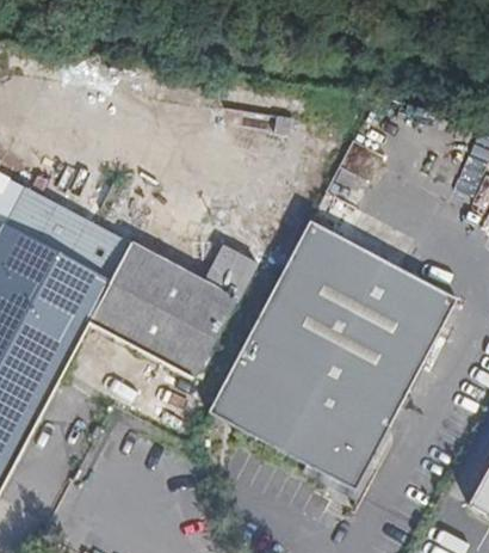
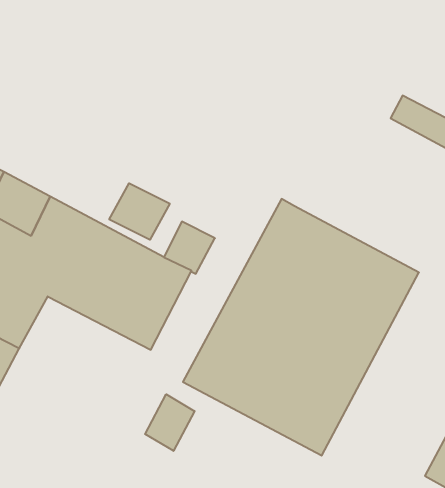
building: none -> [109,183,170,240]
building: none -> [145,394,195,451]

